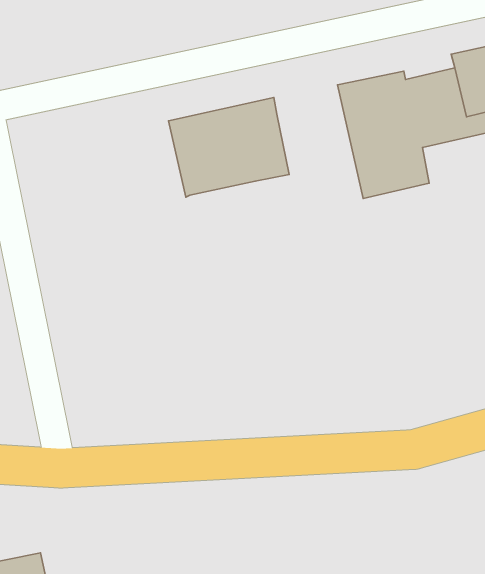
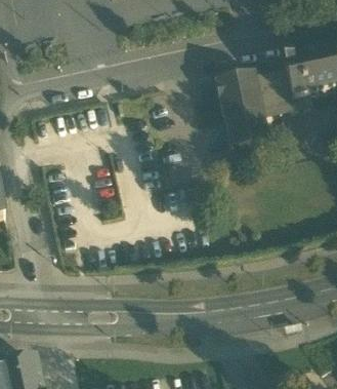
building: [169,97,289,197] -> none

